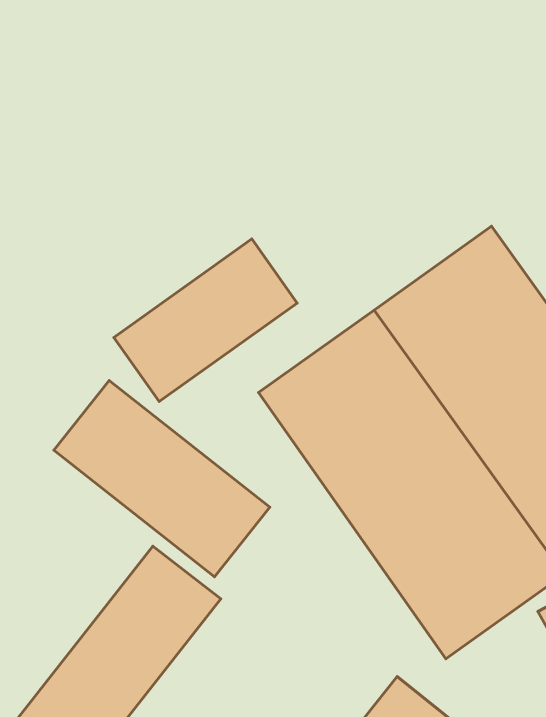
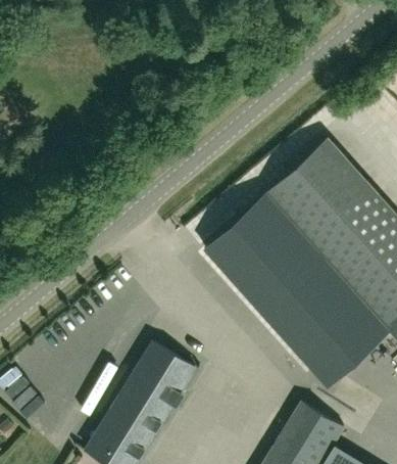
building: [114,239,297,402] -> none
building: [54,380,270,577] -> none

